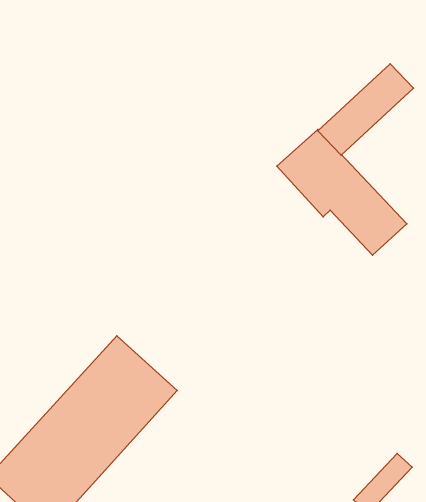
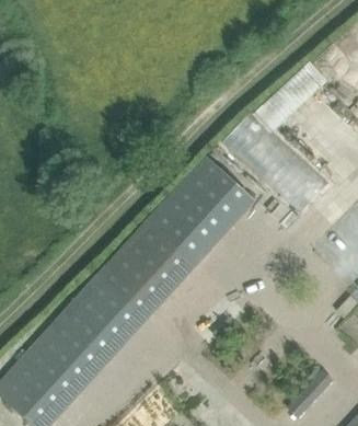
building: none -> [96,156,254,320]

